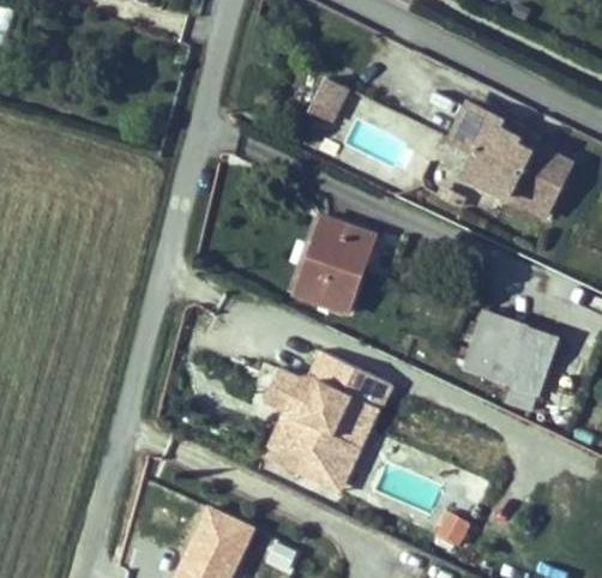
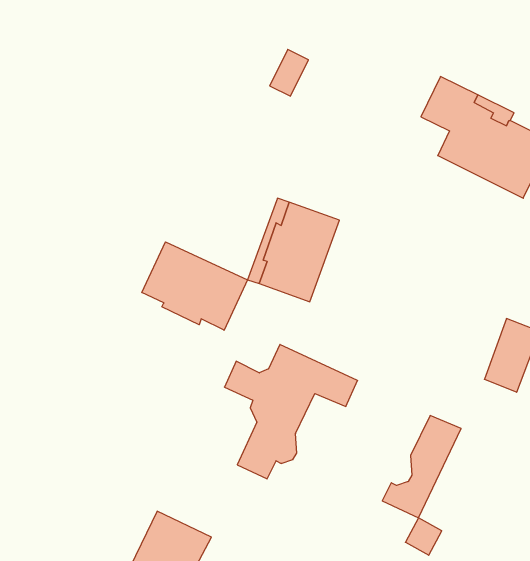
building: none -> [142,242,248,330]
building: [463,312,529,385] -> none
building: [263,392,297,464] -> none
building: [307,398,380,493] -> [382,416,461,518]

